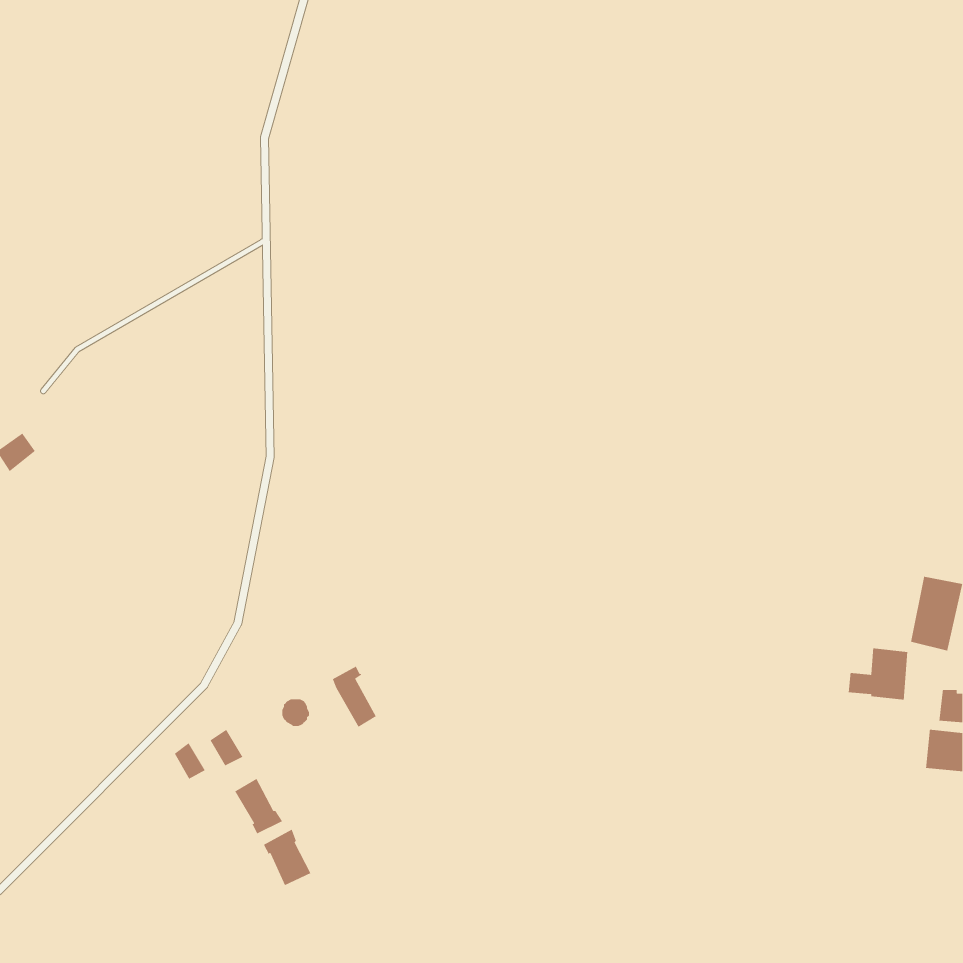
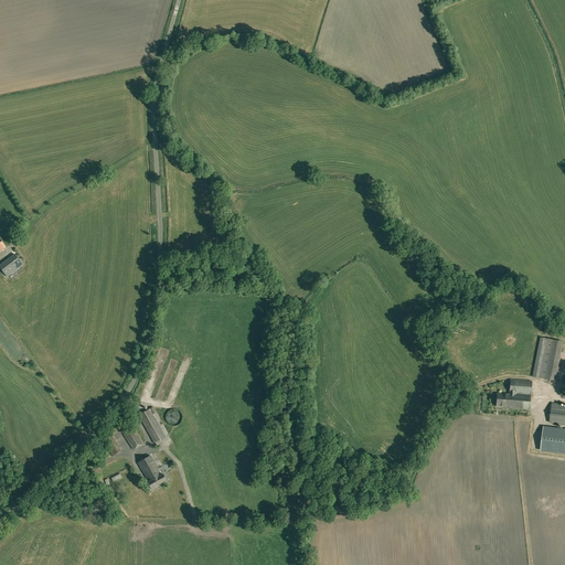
building: [332,666,377,728] -> [138,406,164,443]
building: [263,829,311,886] -> none

